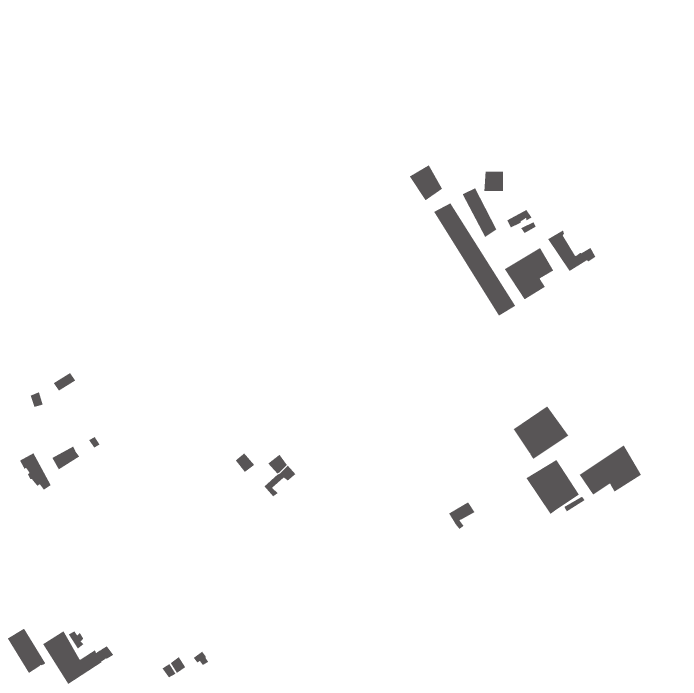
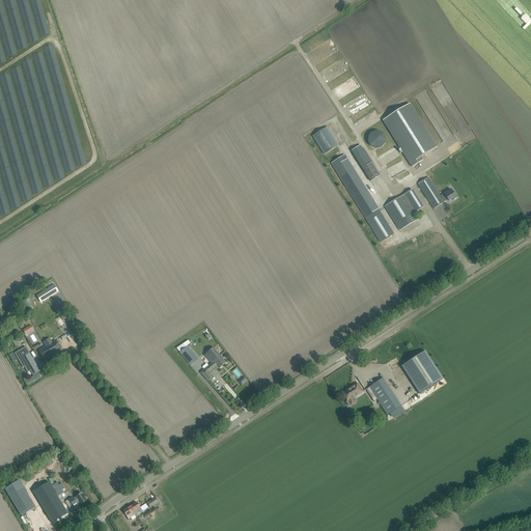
building: none -> [383,102,437,166]
building: [513,406,569,460] -> none
building: [579,444,642,496] -> none
building: none -> [367,378,401,415]

